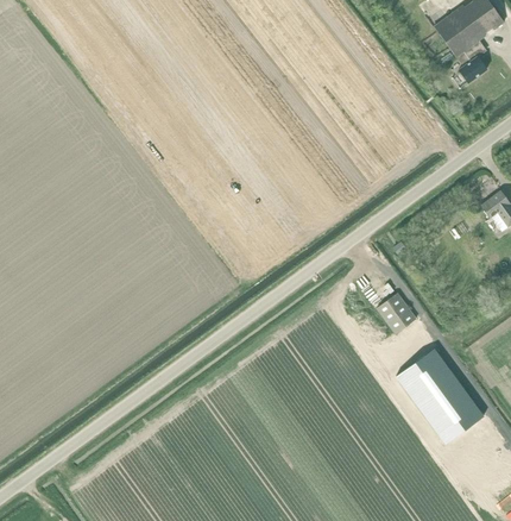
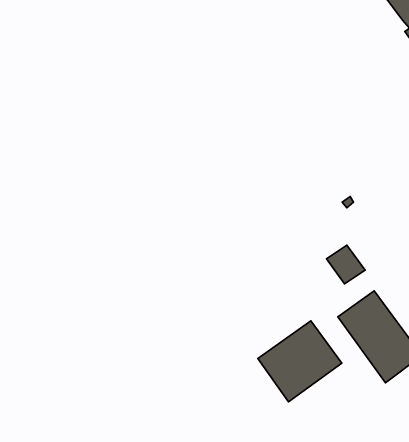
building: none -> [258,321,342,402]

